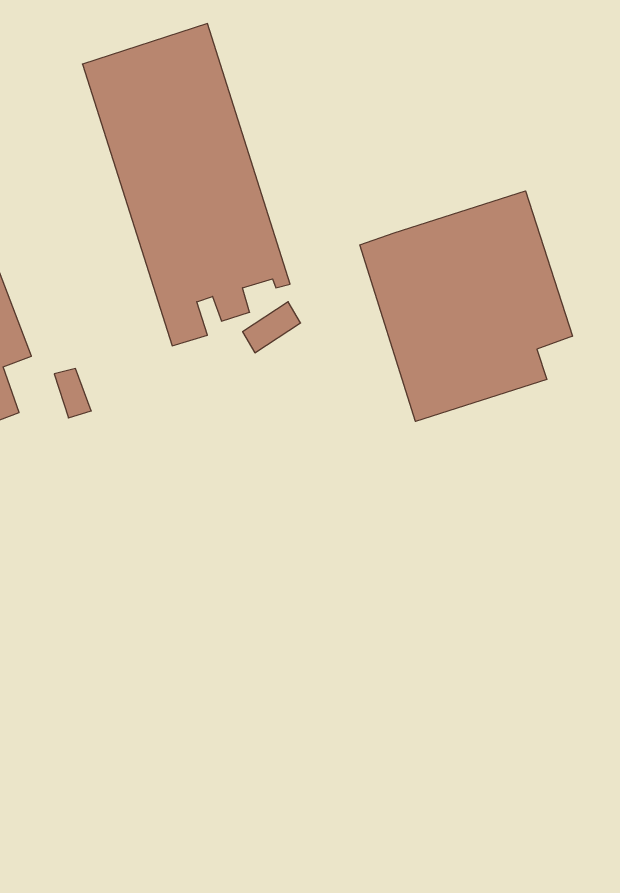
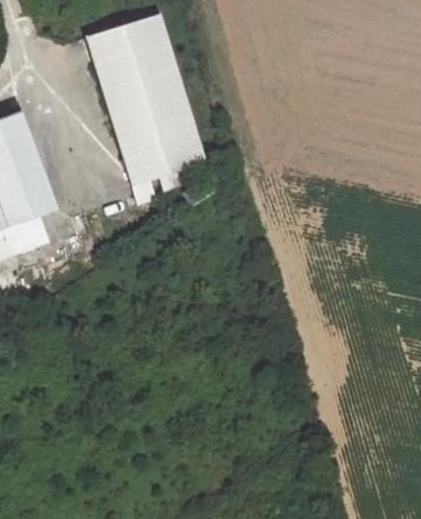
building: [360,191,572,421] -> none

